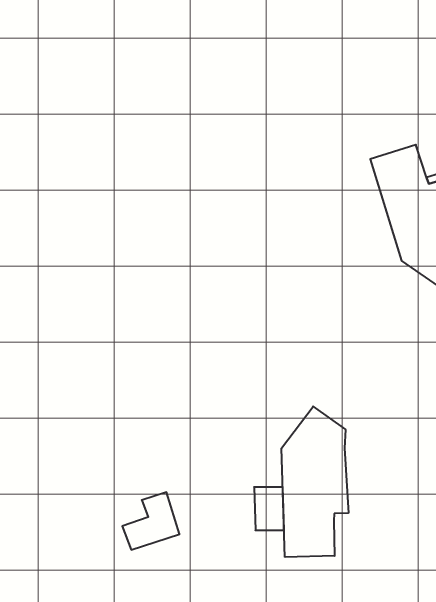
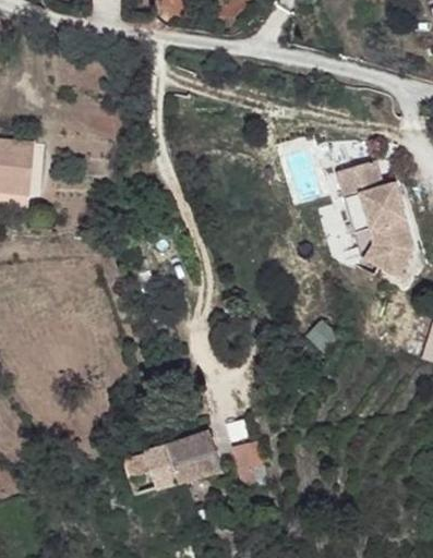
building: [282,406,348,557] -> none
building: none -> [167,432,222,481]

